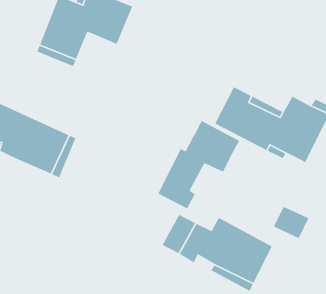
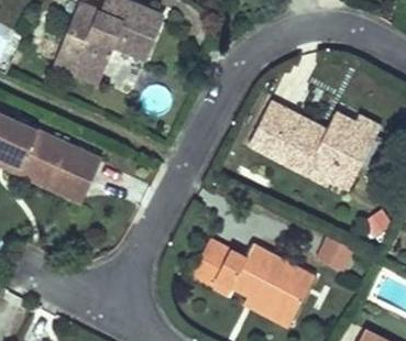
building: [157,120,240,210] -> none

